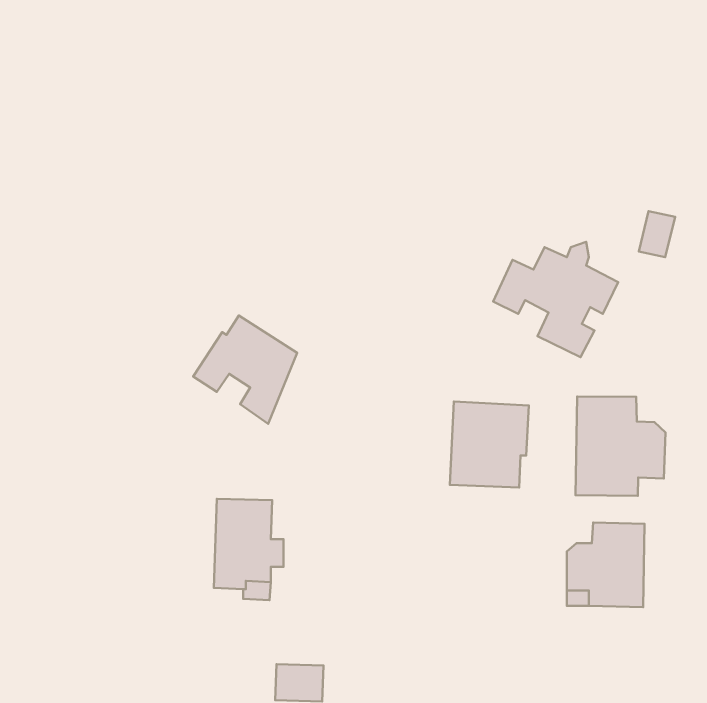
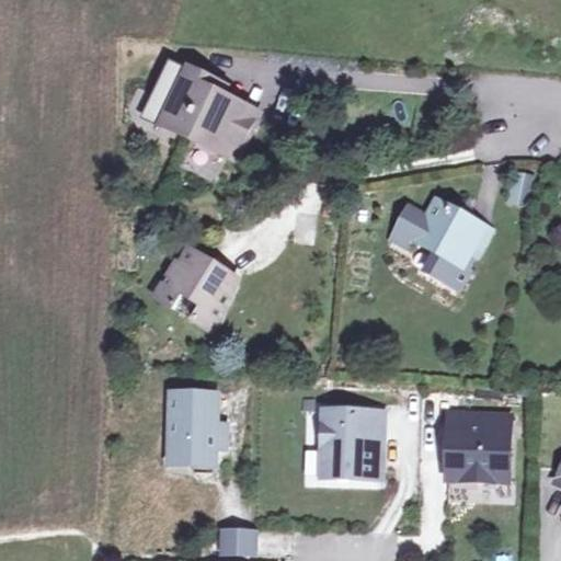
building: none -> [142,59,256,160]
building: [575,396,665,496] -> none
building: [450,401,529,488] -> [320,411,382,479]

